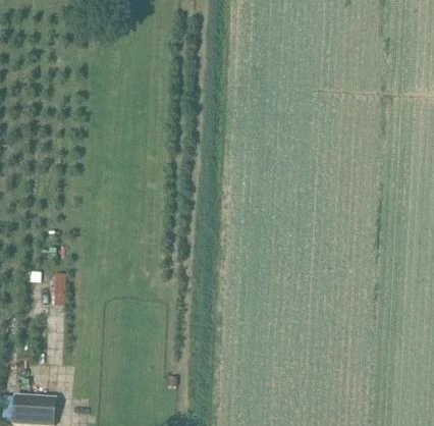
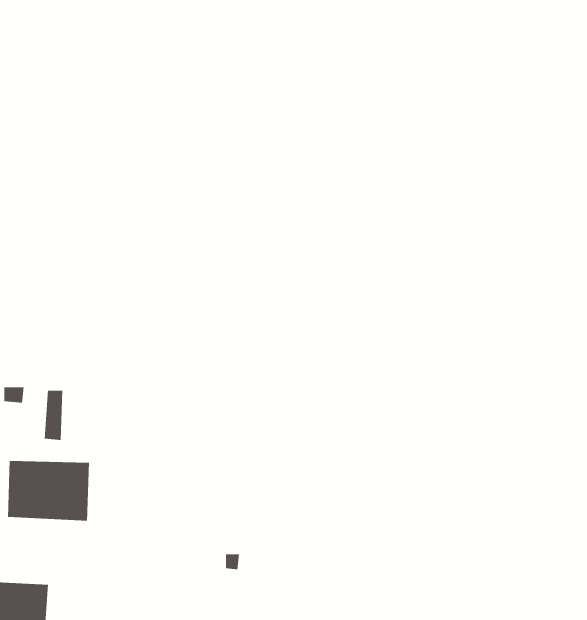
building: none -> [7,460,89,522]

